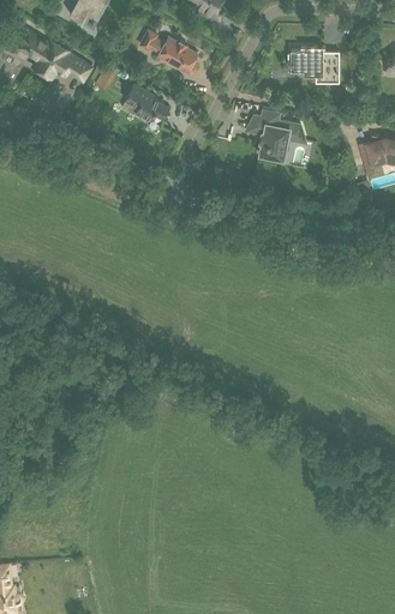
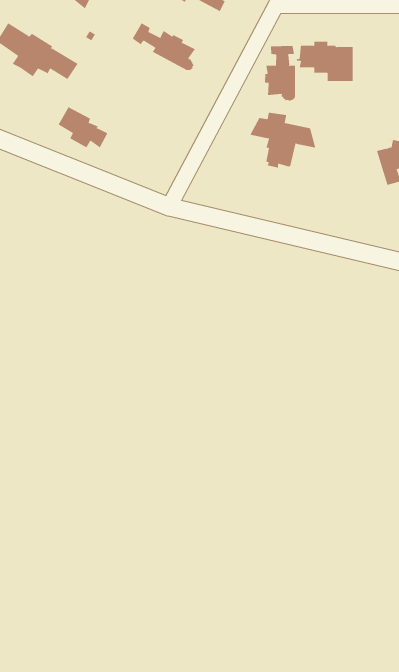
building: none -> [264,45,296,102]
building: [124,83,169,120] -> [57,107,108,148]

